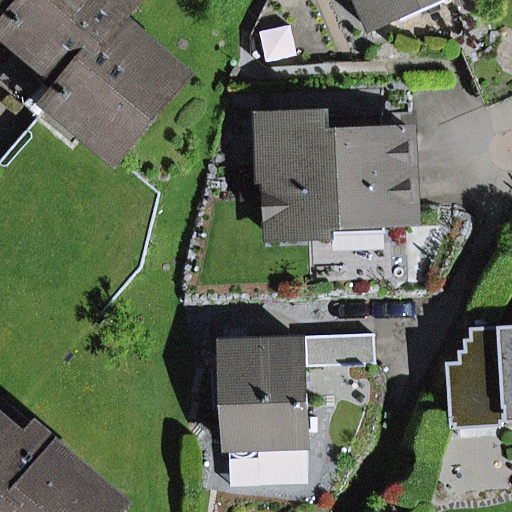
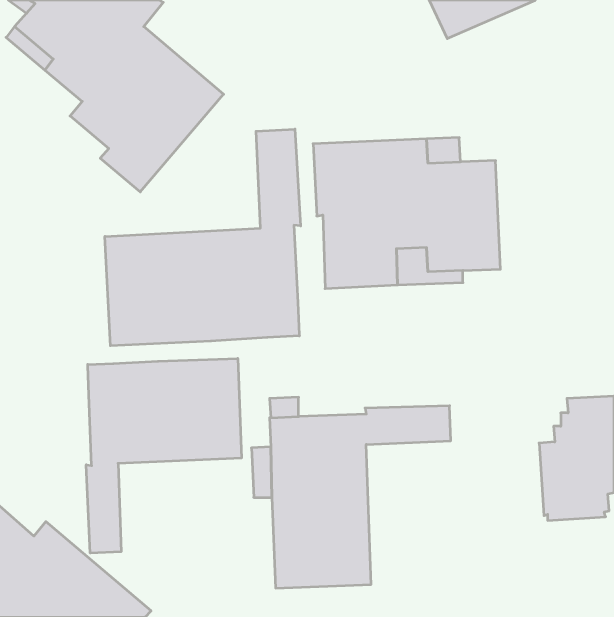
building: none -> [105,129,301,346]
building: none -> [86,358,241,553]

